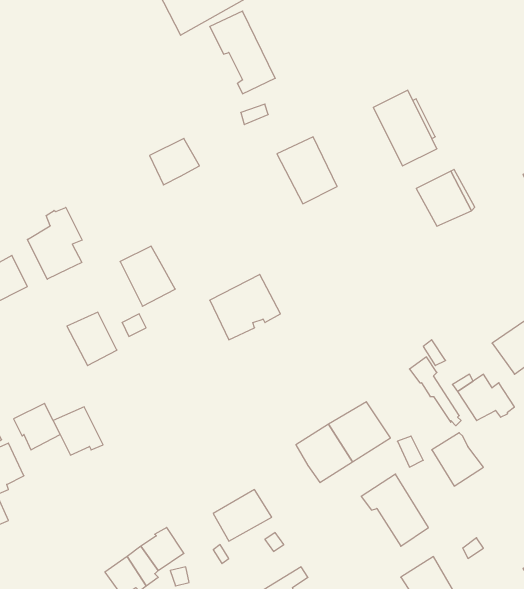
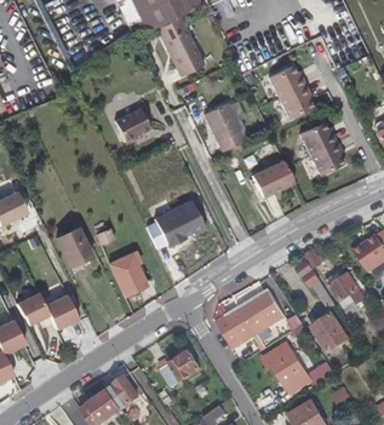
building: [27,207,82,279] -> none
building: none -> [251,163,293,200]
building: [120,246,175,306] -> [108,252,147,294]

